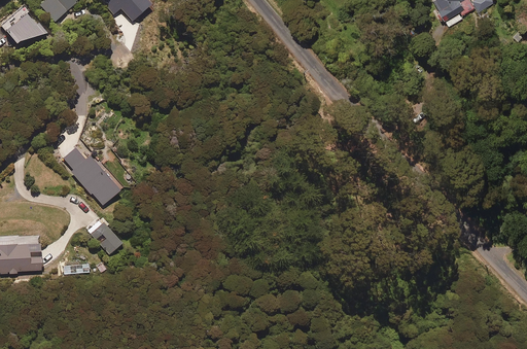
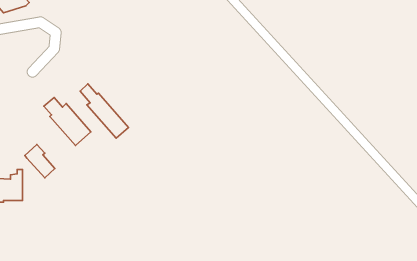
building: none -> [80,84,129,138]
building: [85,214,121,254] -> [25,144,55,178]

